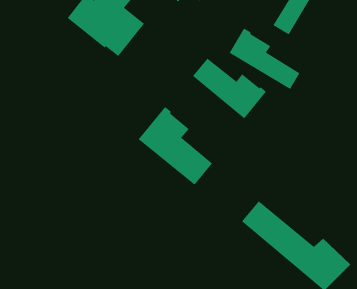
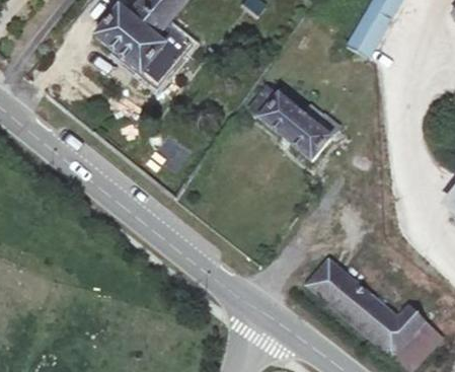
building: [229,28,300,90] -> none
building: [138,106,213,186] -> none

